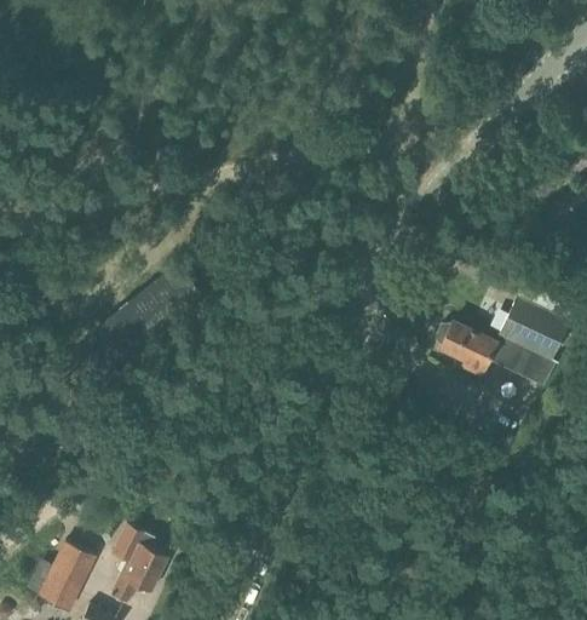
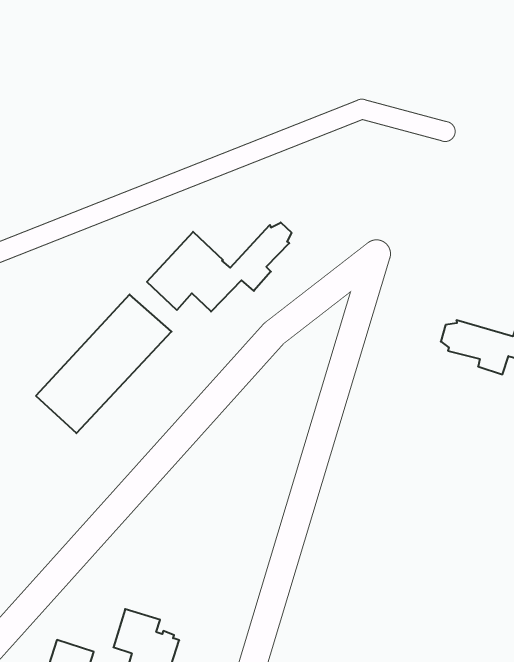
building: none -> [147,222,291,312]

